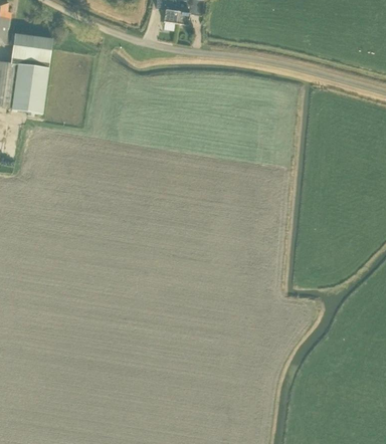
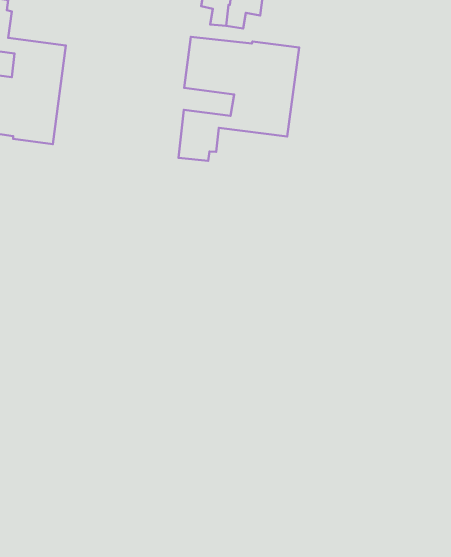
building: none -> [179,37,299,161]

